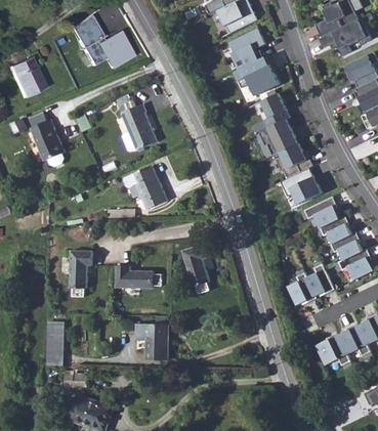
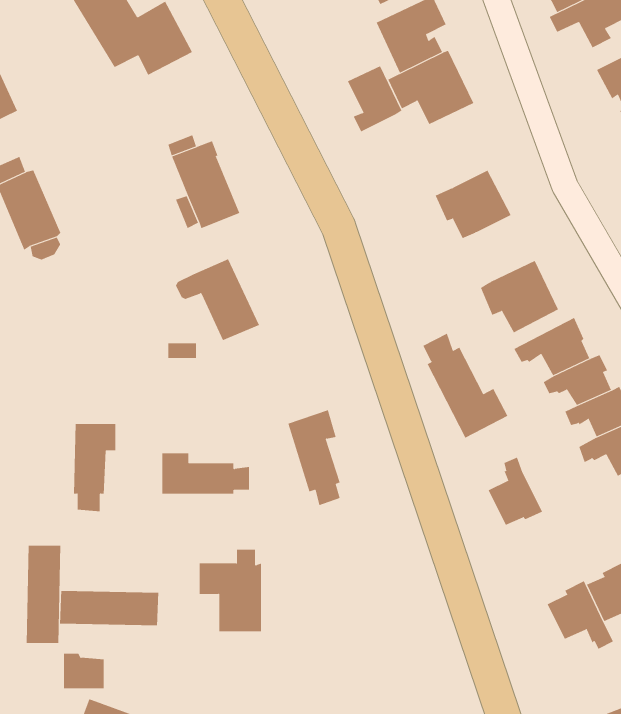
building: [260,93,289,128] -> [347,65,402,132]
building: [276,142,312,177] -> none
building: none -> [423,333,508,438]
building: [304,259,333,295] -> none
building: none -> [60,590,159,626]

